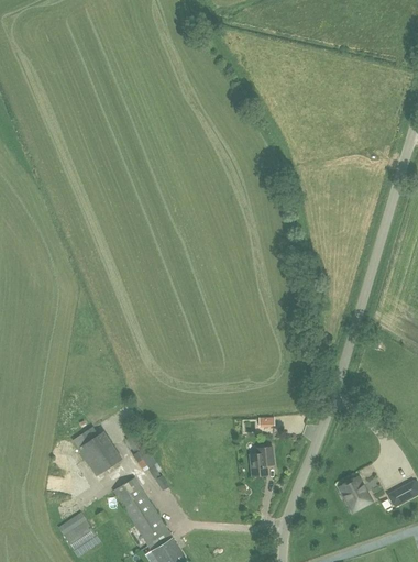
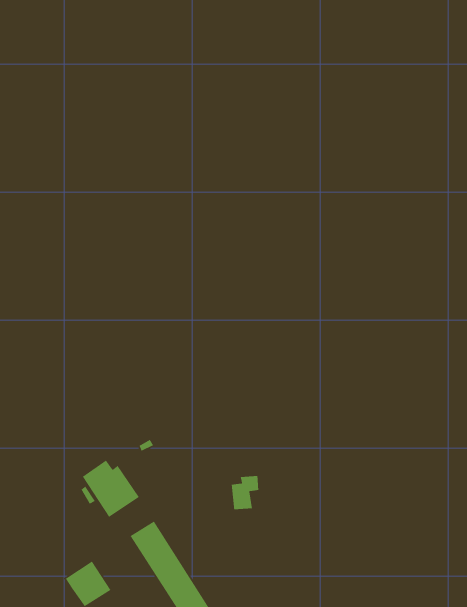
building: [250,447,274,476] -> [231,475,259,510]
building: [339,476,372,511] -> none

